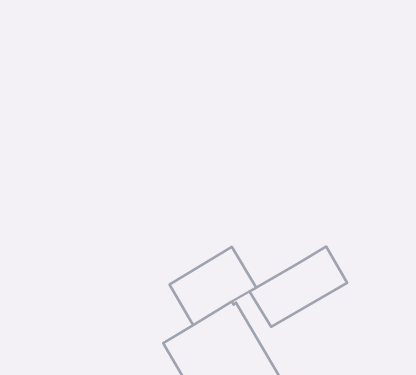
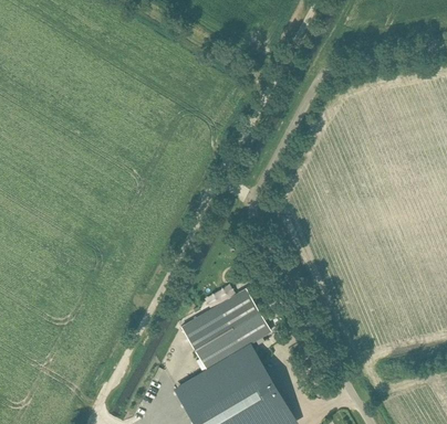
building: [249,246,347,327] -> none

